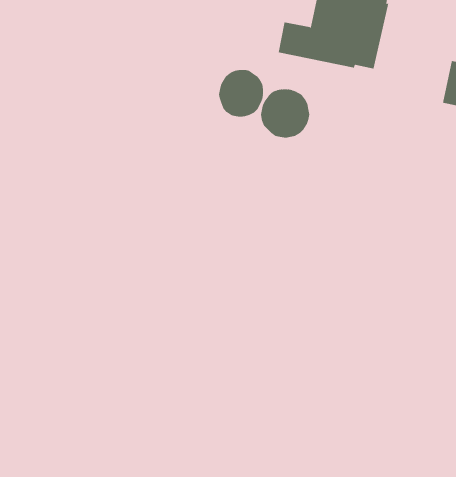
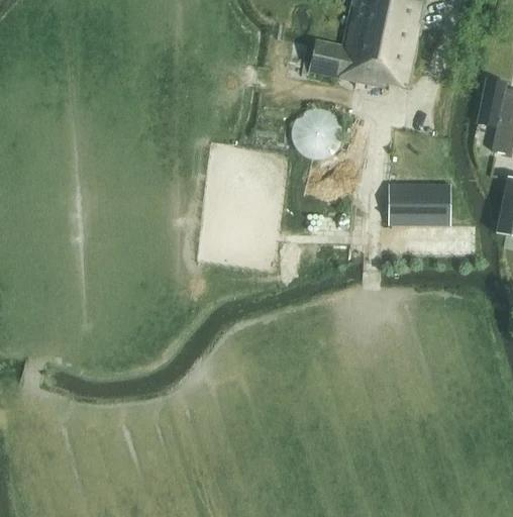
building: [218,69,264,118] -> none
building: none -> [389,183,450,225]

